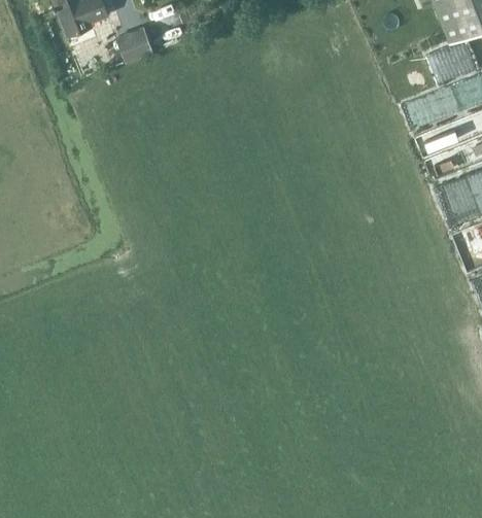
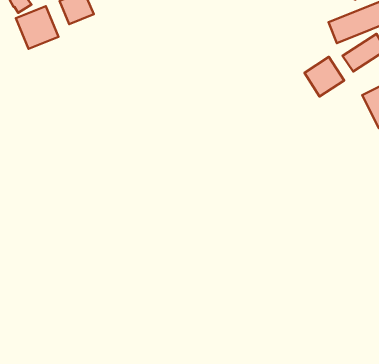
building: none -> [16,6,58,49]
building: none -> [304,57,344,97]

